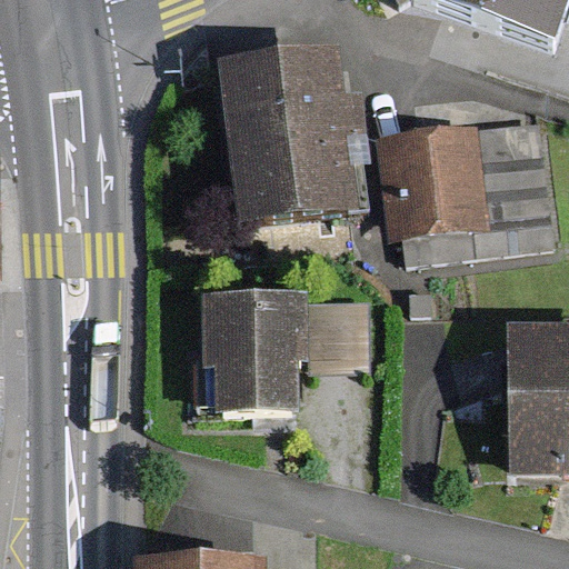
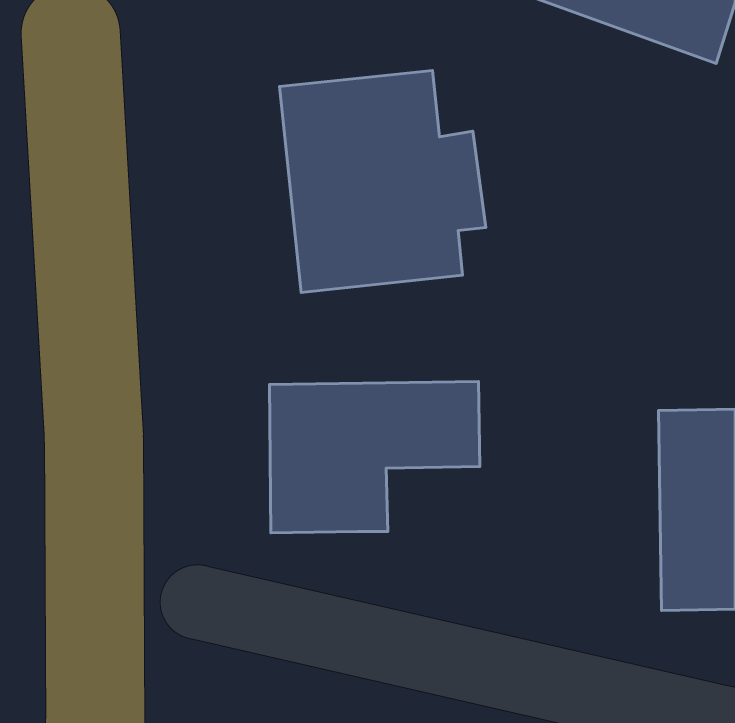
building: [382,126,553,261] -> none

